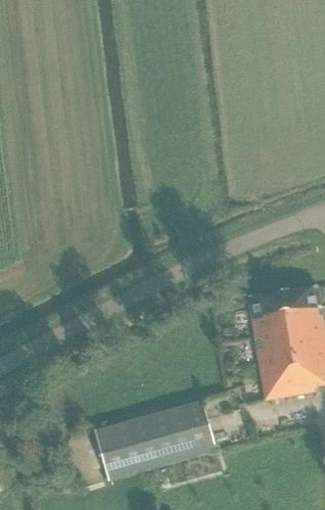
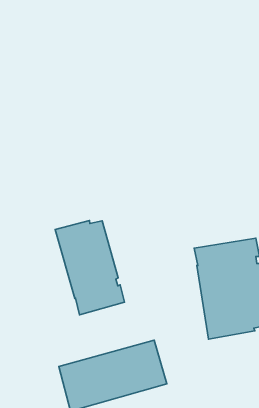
building: none -> [55,221,125,315]

